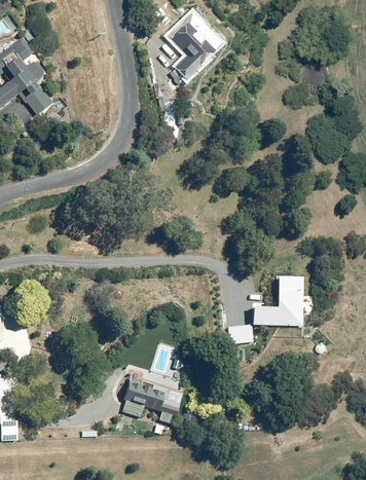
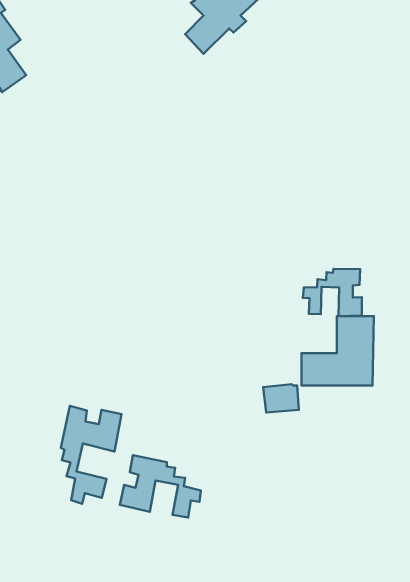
building: none -> [303,269,362,316]
building: none -> [61,406,122,504]

